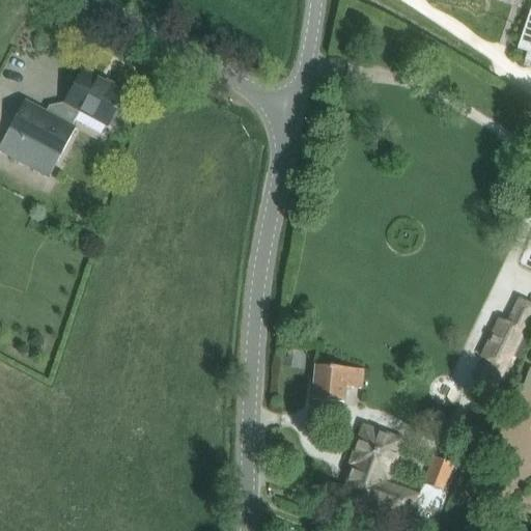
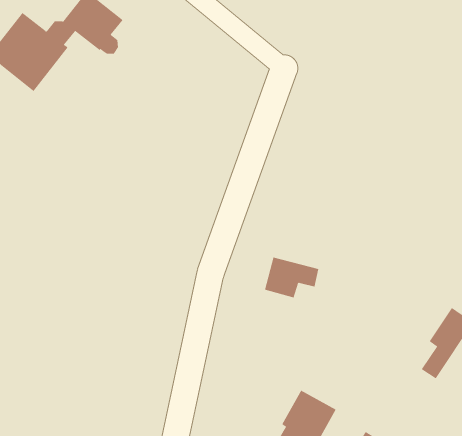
building: [312,363,363,400] -> [264,257,319,298]

